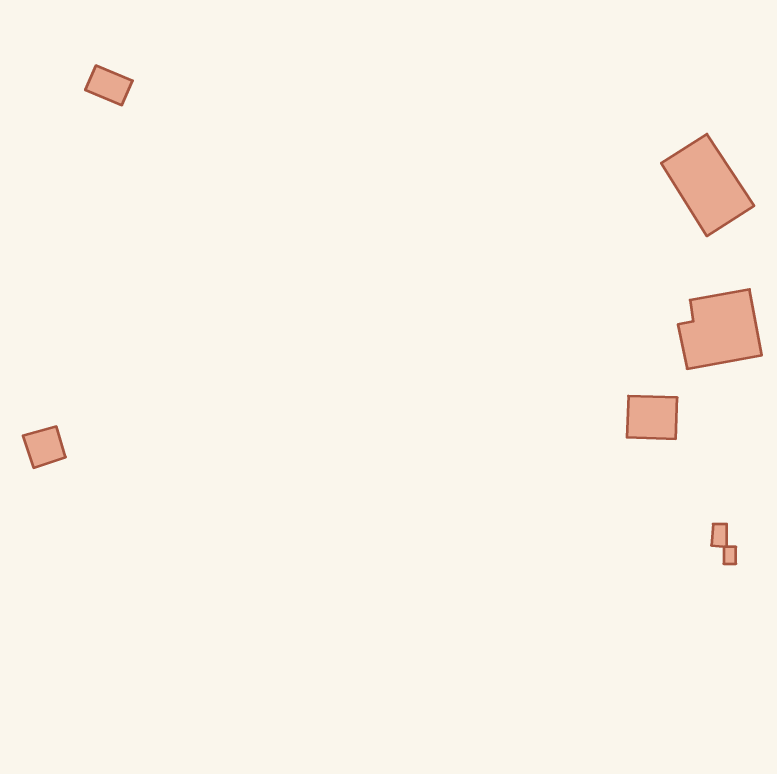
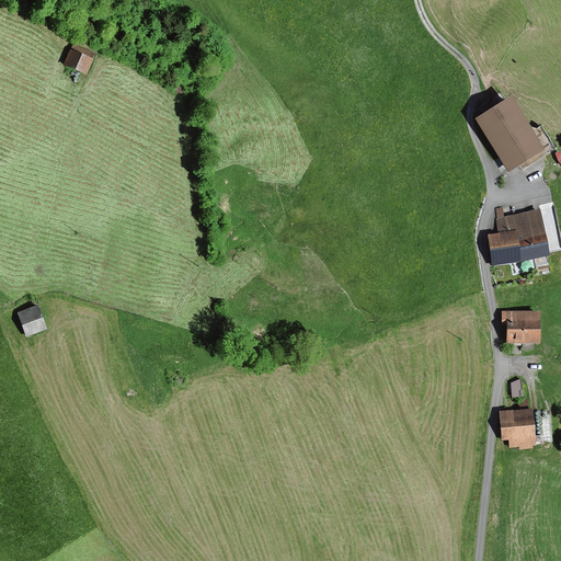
building: [627,396,677,439] -> [504,310,540,341]
building: none -> [502,409,535,446]

